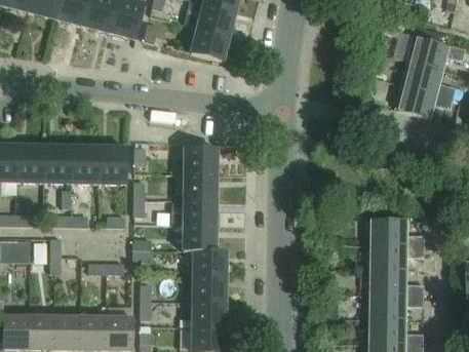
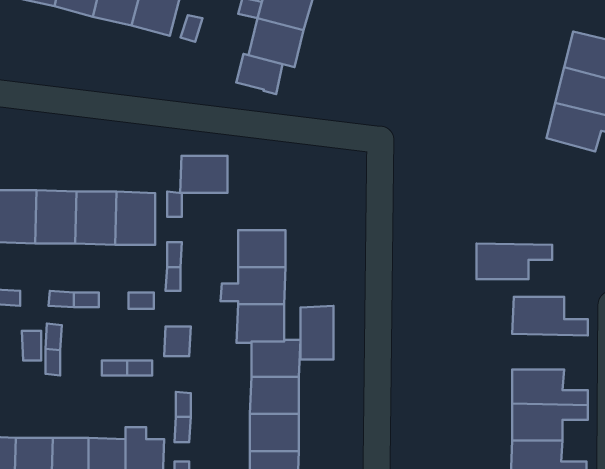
building: none -> [236,54,283,94]
building: [183,148,216,173] -> [180,156,228,193]
building: none -> [300,306,333,360]
building: [373,245,425,270] -> [477,243,552,279]

